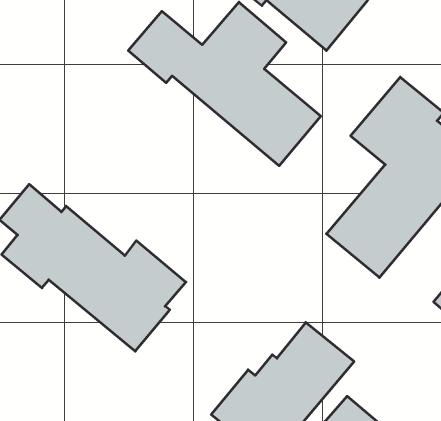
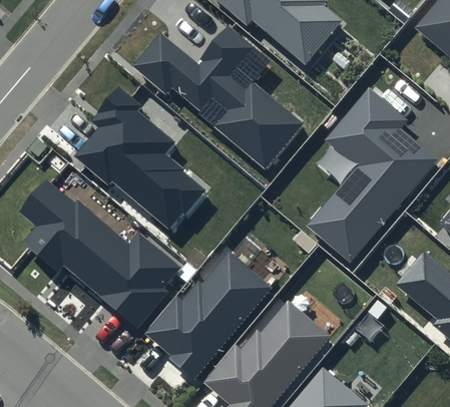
building: none -> [72,87,202,230]
building: none -> [145,253,272,380]

